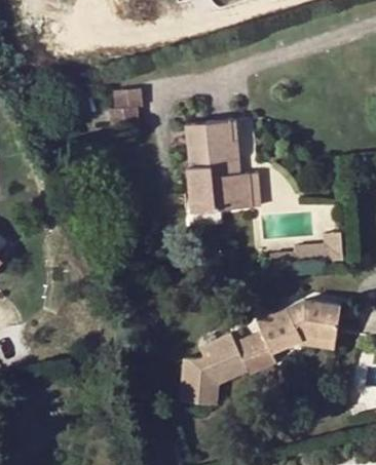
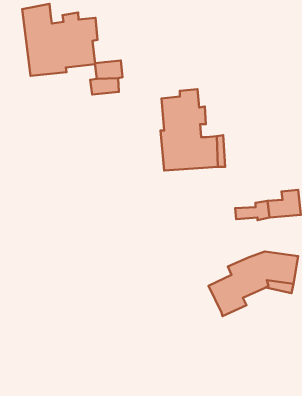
building: none -> [22,4,98,76]
building: [187,328,255,402] -> none

